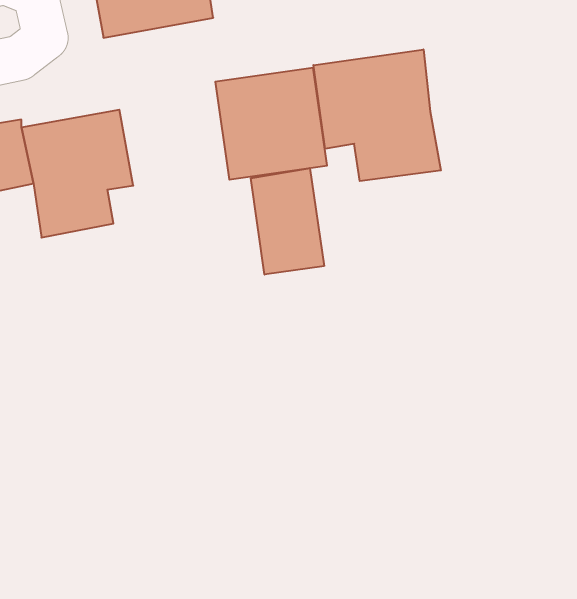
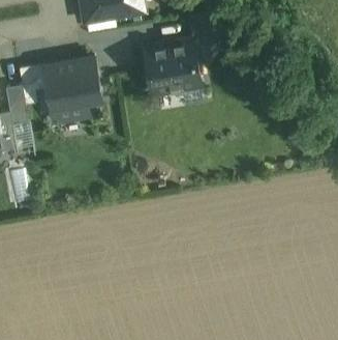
building: [313,49,441,181] -> none
building: [251,168,324,275] -> none

